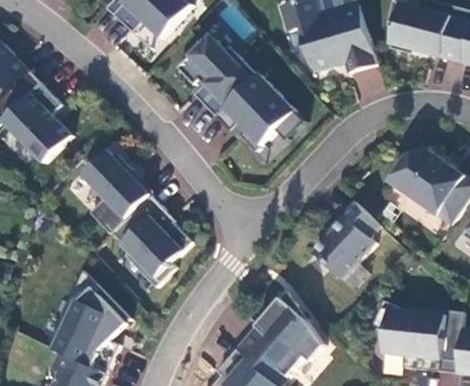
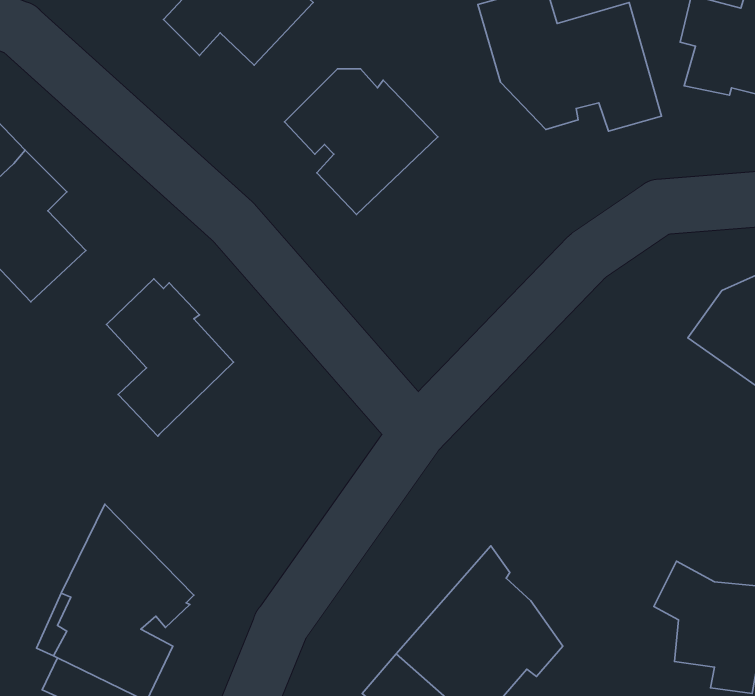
building: [215,73,306,150] -> none
building: [111,194,192,286] -> none
building: [311,200,378,277] -> none

